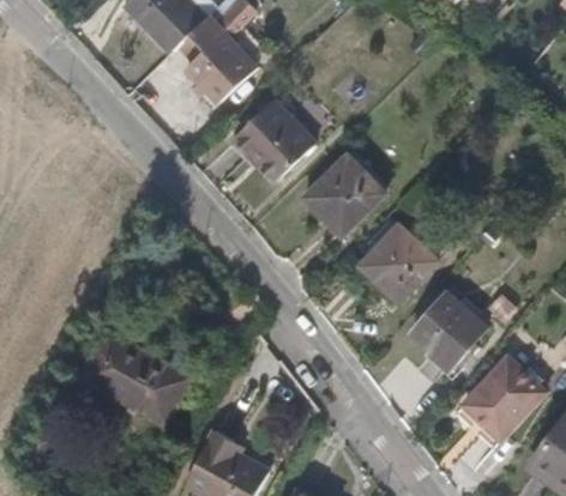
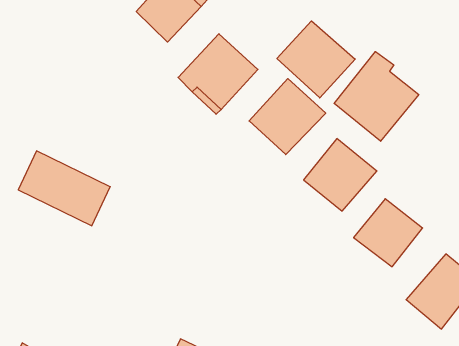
building: none -> [277,21,355,98]
building: none -> [334,52,419,141]
building: [84,333,186,419] -> [18,151,110,226]

